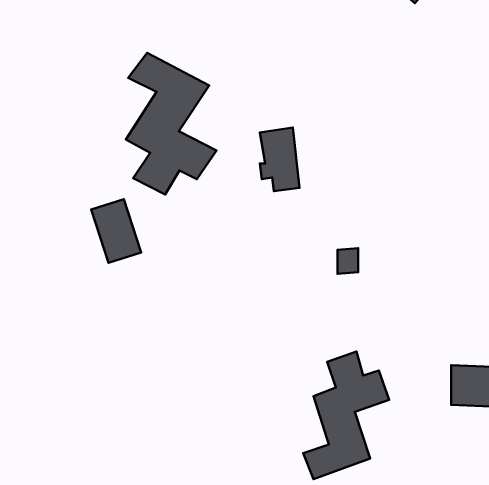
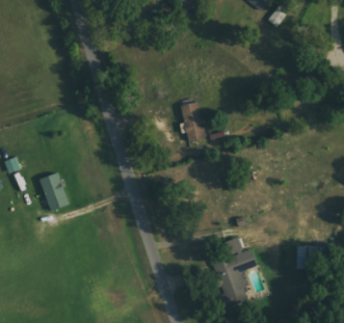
building: [126,53,216,194] -> none
building: [91,199,141,263] -> [39,172,70,211]

